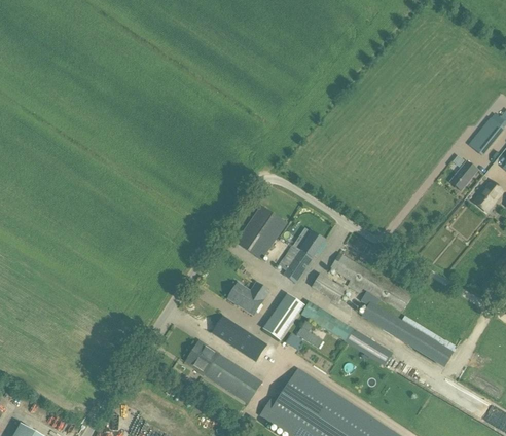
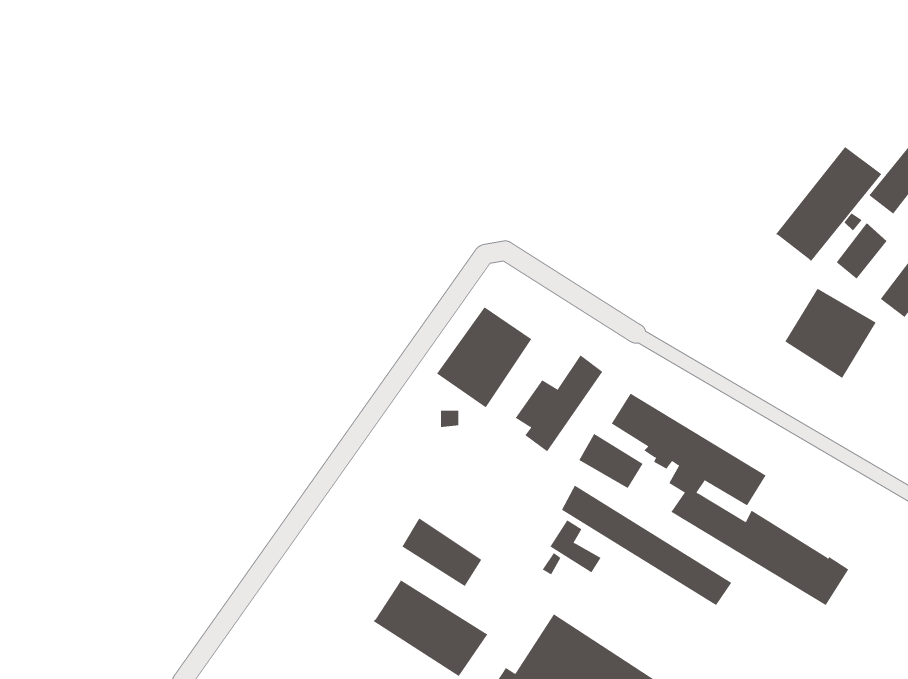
building: none -> [775,146,882,263]
building: none -> [784,288,877,379]
building: [224,282,267,315] -> none
building: [255,295,298,343] -> none
building: [184,340,215,372] -> none

